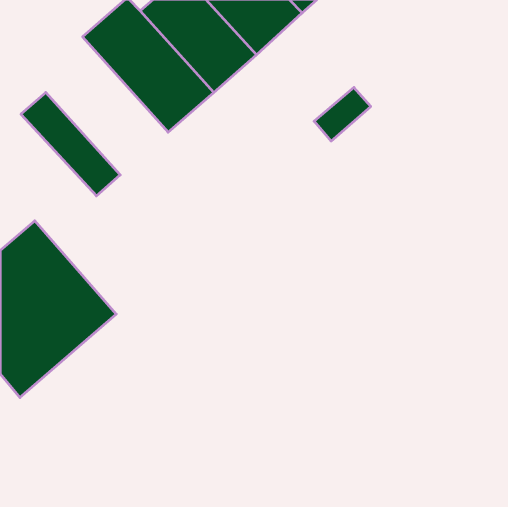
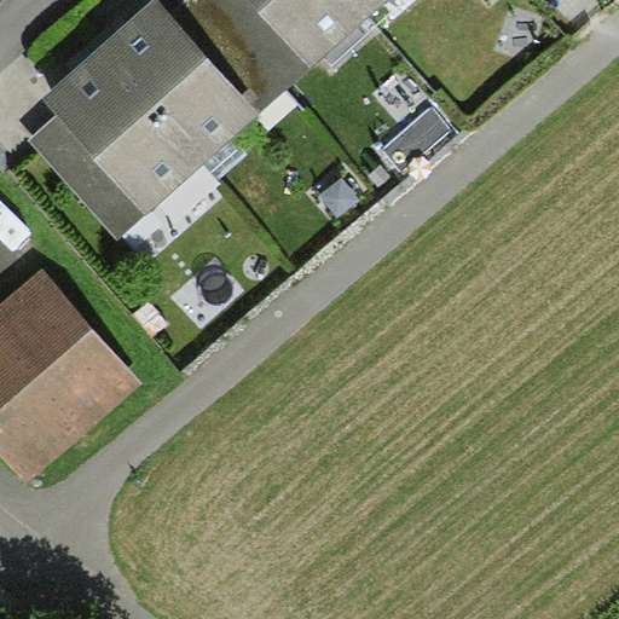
building: none -> [42,45,204,213]

